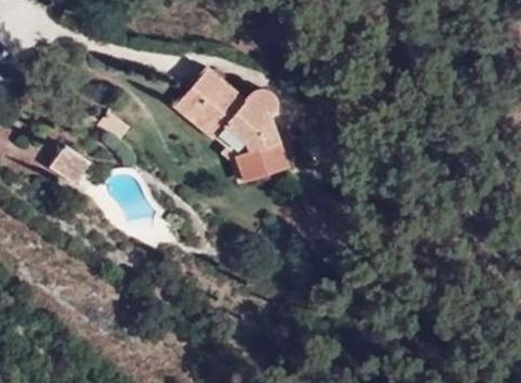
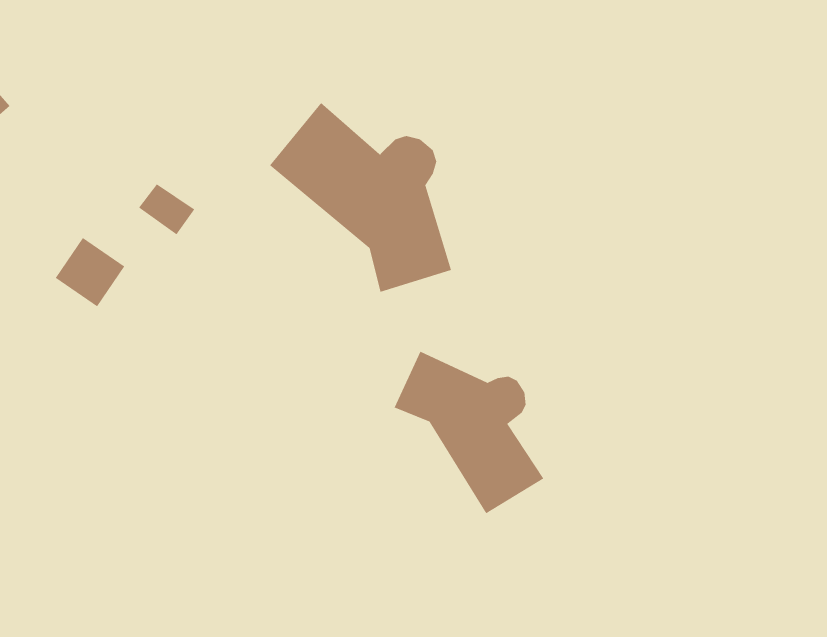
building: none -> [394,351,544,514]

